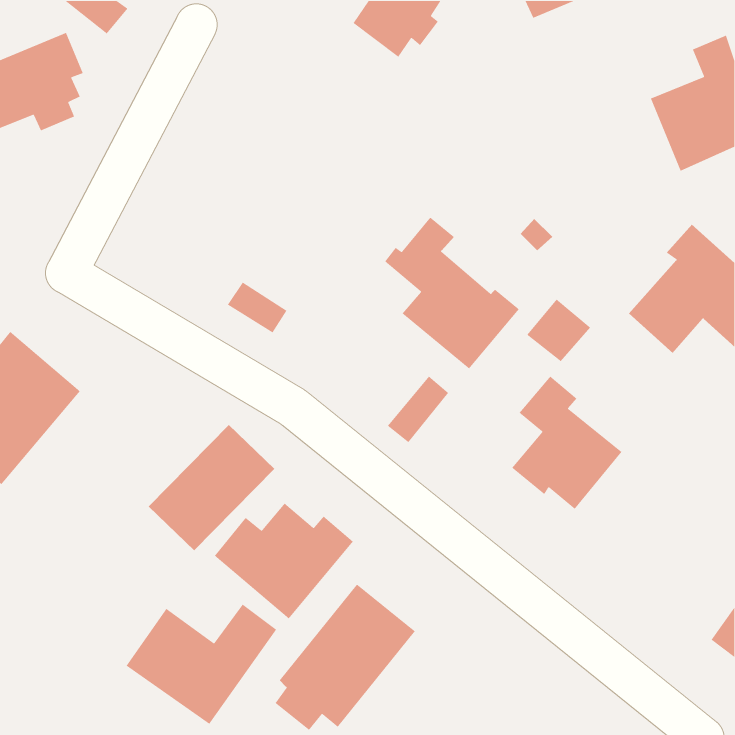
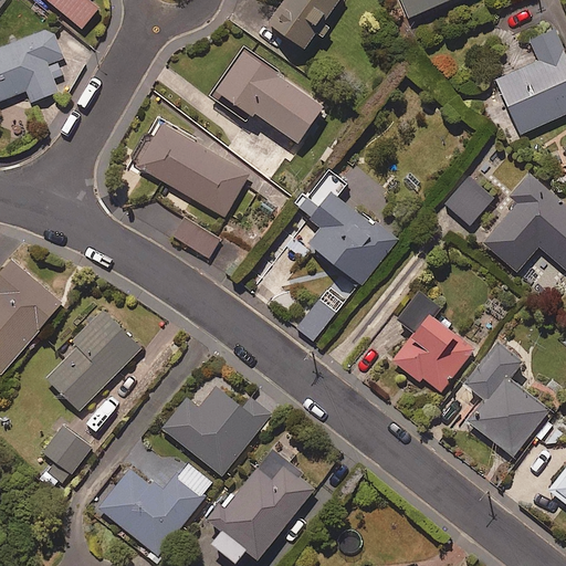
building: none -> [210,48,324,142]
building: none -> [136,120,250,219]
building: [526,299,591,362] -> [444,176,494,224]
building: [148,424,275,551] -> [44,314,142,411]
building: none -> [465,342,551,455]
building: none -> [42,426,92,486]

